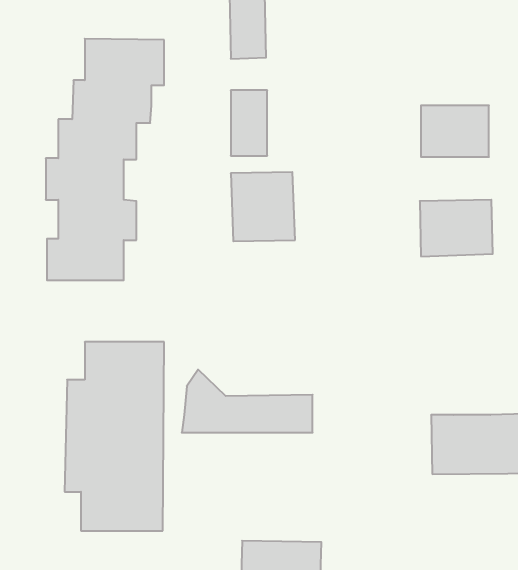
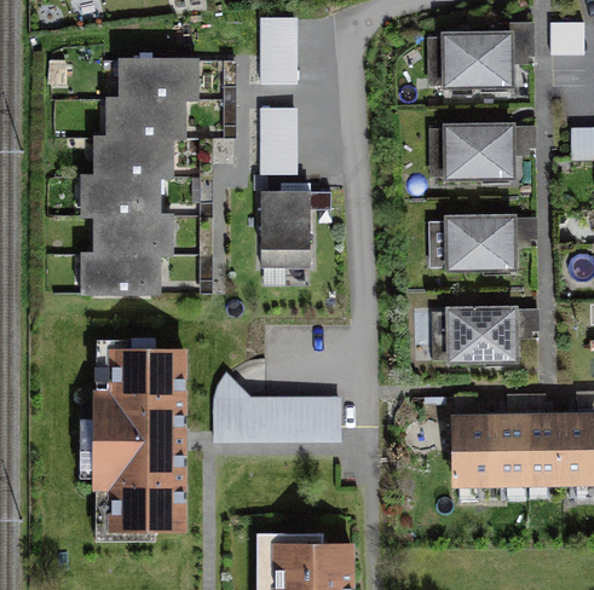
building: none -> [446,34,506,80]
building: none -> [450,308,513,358]

